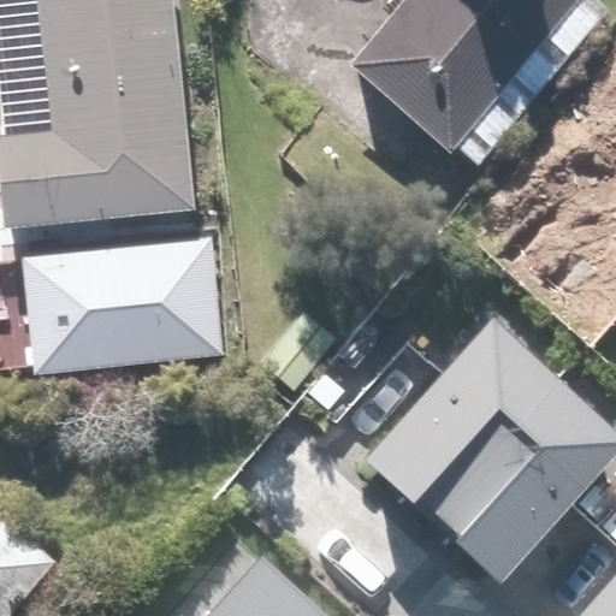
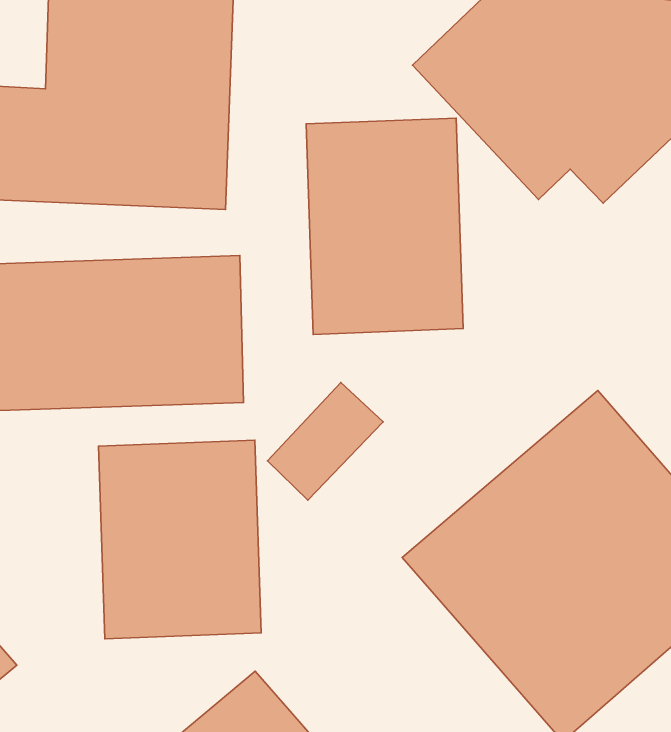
building: none -> [306,118,463,334]
building: none -> [99,440,261,639]

